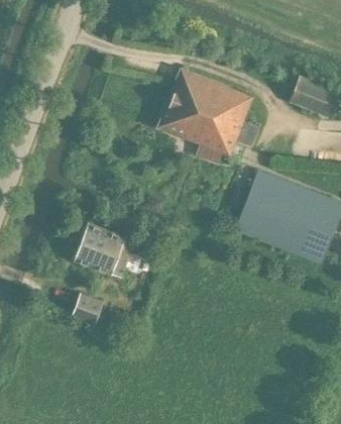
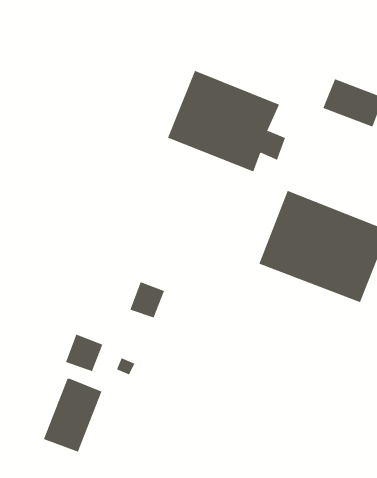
building: [74,222,134,277] -> none
building: none -> [43,378,102,452]

